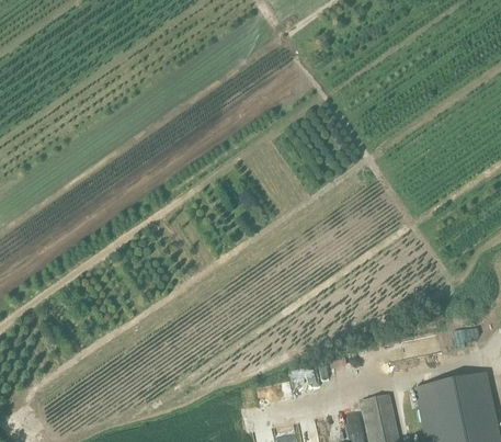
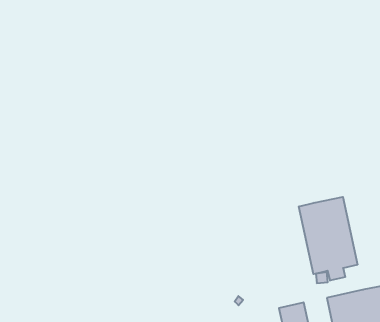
building: none -> [299,197,357,281]

